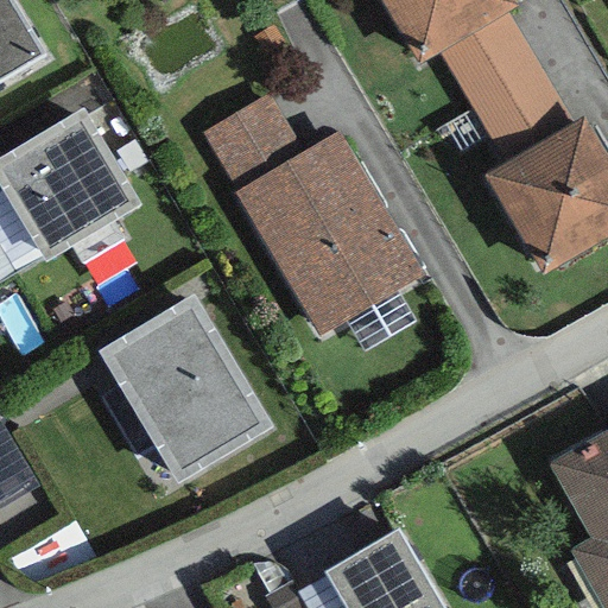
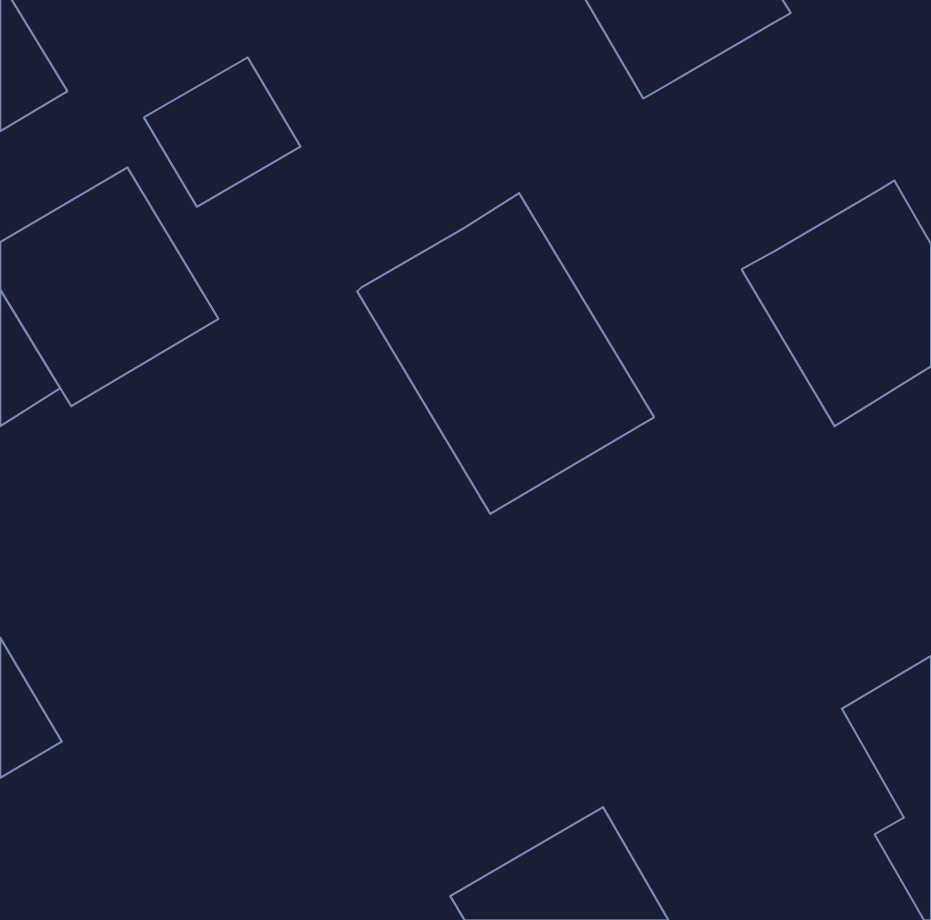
building: [442,12,574,164] -> none
building: [201,90,303,188] -> [144,57,301,207]
building: [96,297,272,488] -> none

